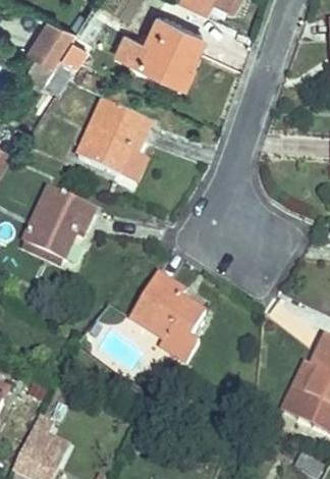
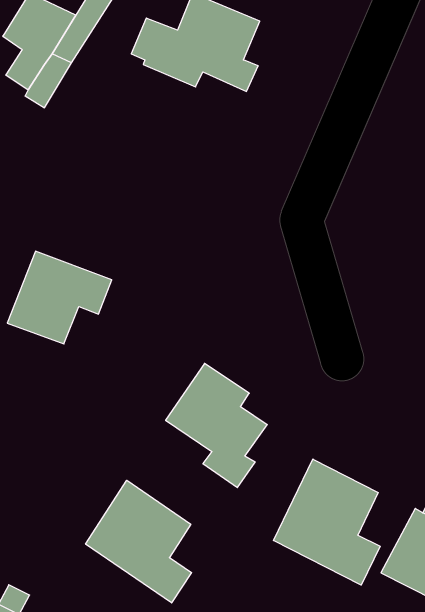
building: [72,108,146,175] -> none
building: none -> [274,459,380,585]
building: none -> [86,480,192,603]

